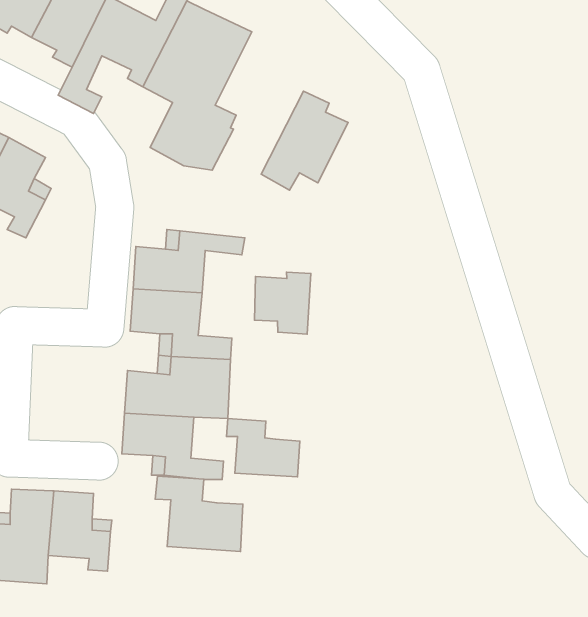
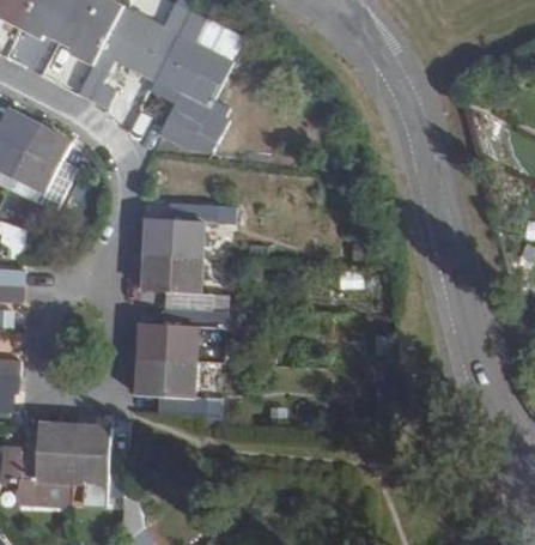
building: [261,91,348,190] -> none
building: [255,272,311,334] -> none
building: [227,419,300,477] -> none
building: [155,476,243,552] -> none

